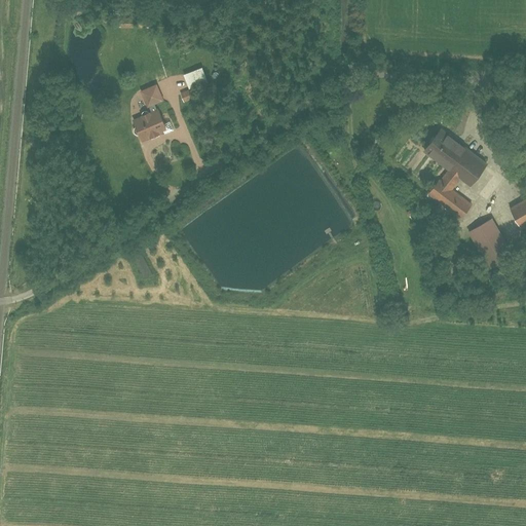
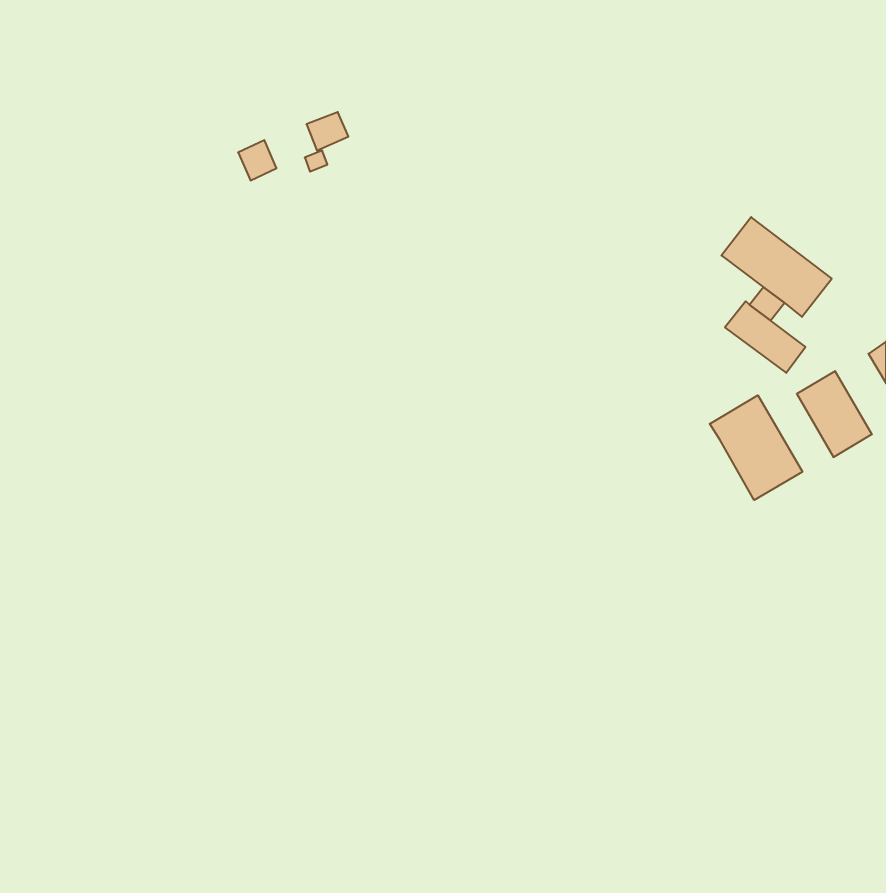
building: [132,110,166,142] -> none
building: none -> [710,395,802,500]

